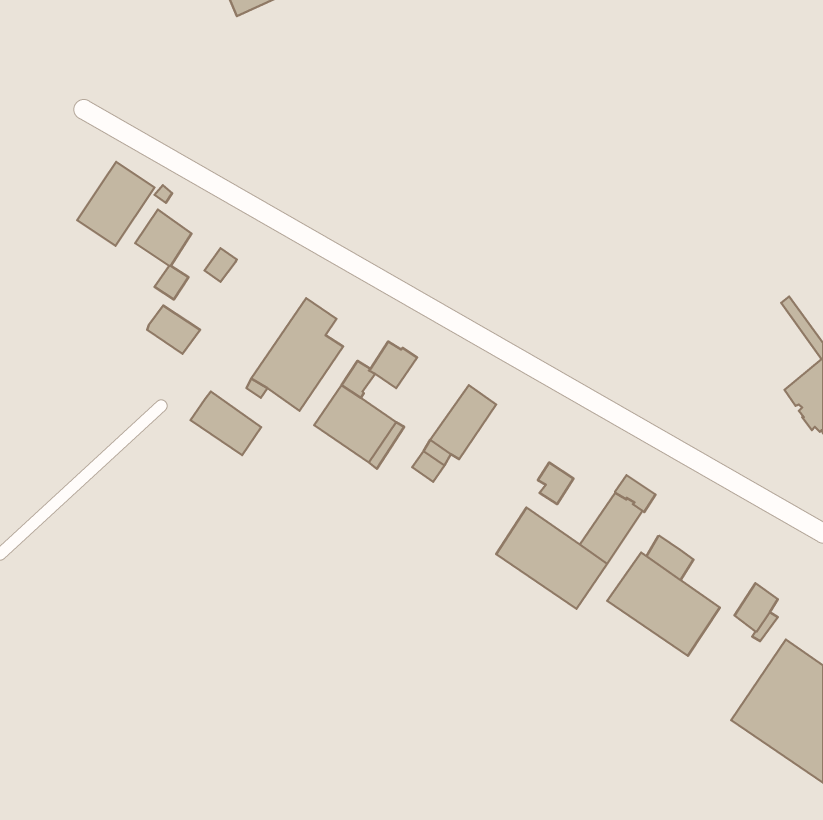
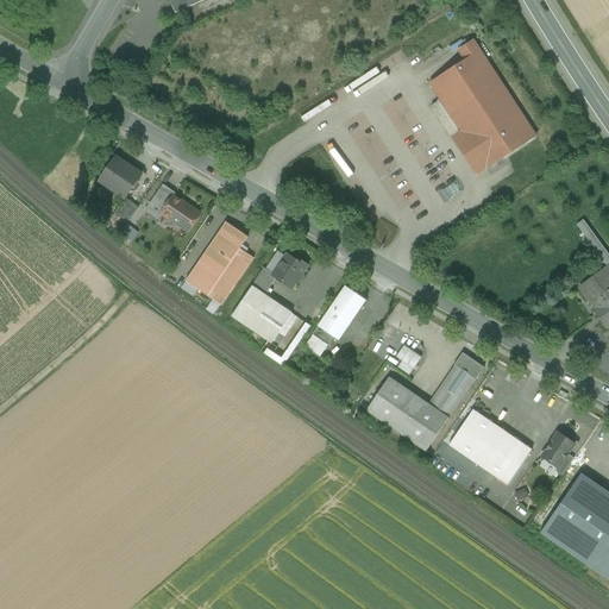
building: none -> [431,38,535,168]
building: [77,162,155,246] -> none
building: [147,306,200,354] -> [162,194,201,230]
building: [190,391,261,455] -> none
building: [647,536,694,580] -> none

